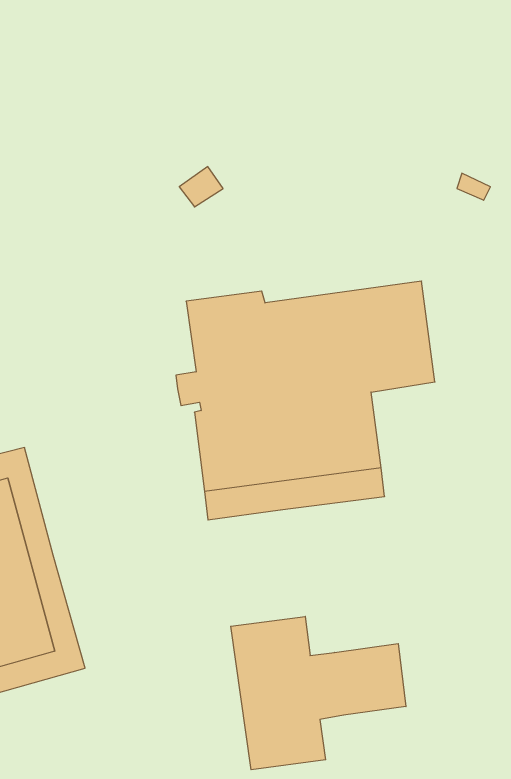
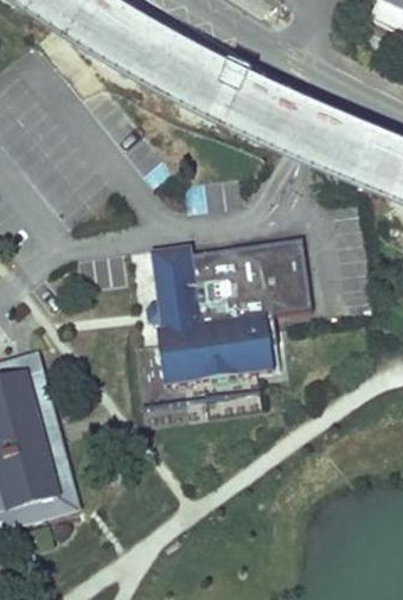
building: [231,616,406,770] -> none

